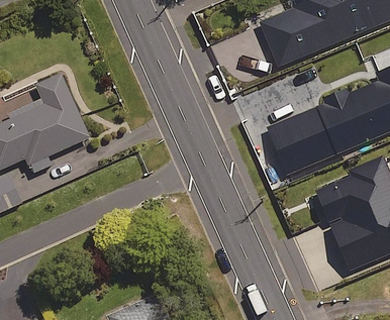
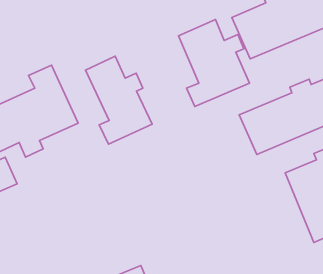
building: none -> [178,20,249,106]
building: none -> [86,56,152,144]

